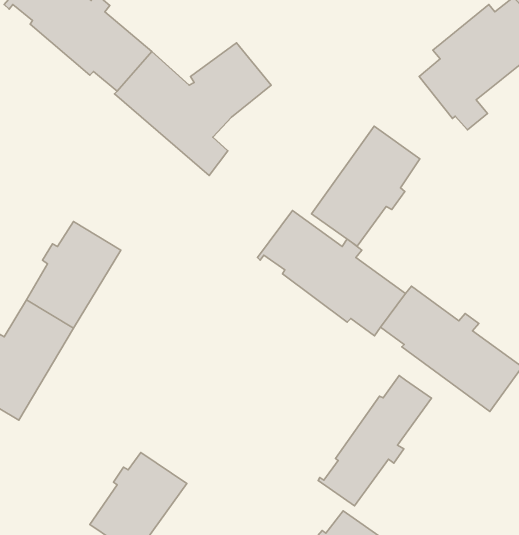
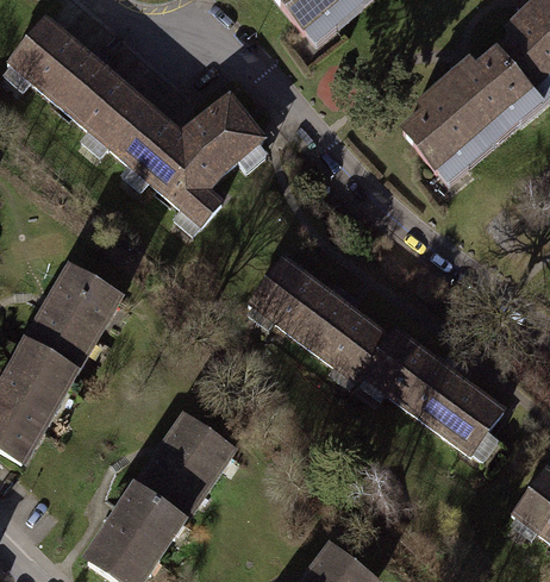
building: [312,126,420,246] -> none
building: [318,376,431,506] -> none
building: none -> [136,418,229,520]

